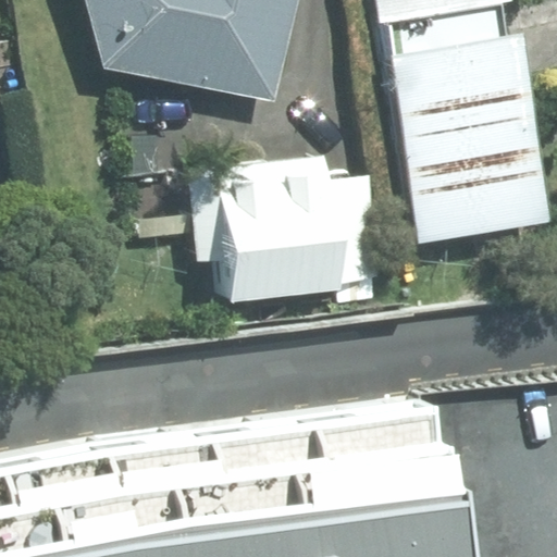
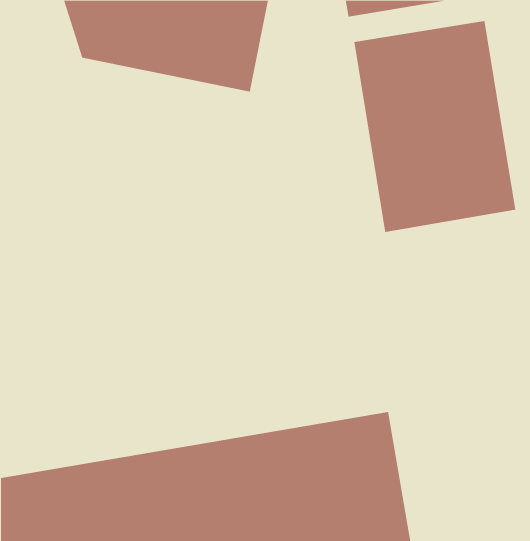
building: [184,152,382,301] -> none

